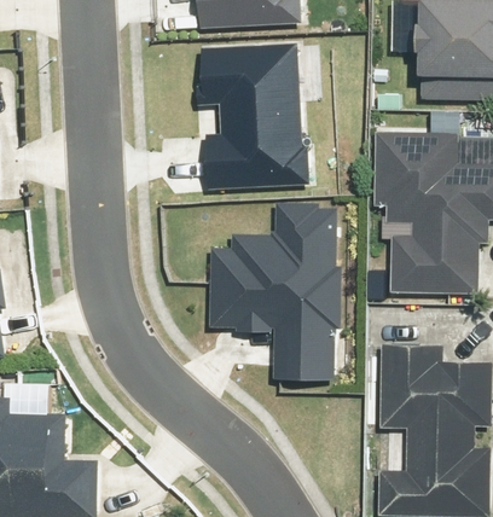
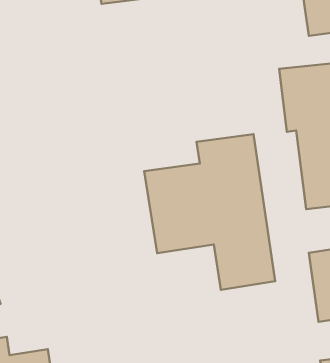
building: [196,42,295,180] -> none

